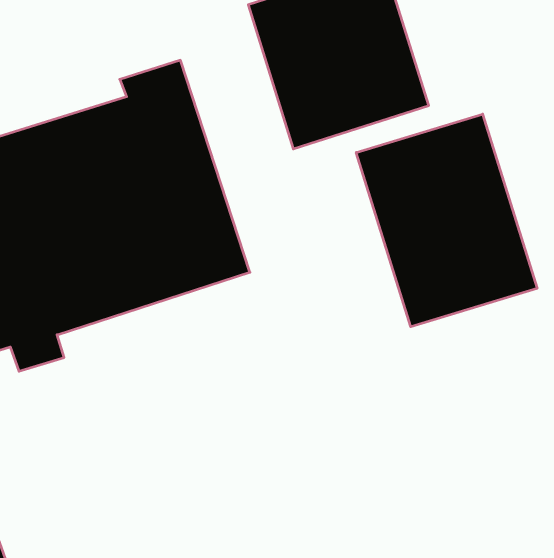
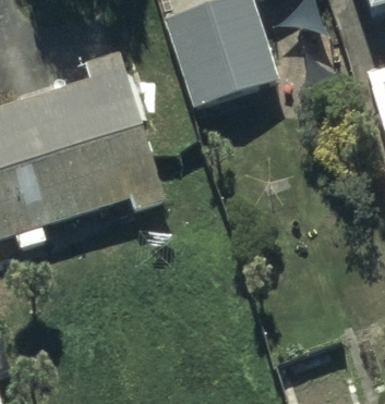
building: [356,114,537,327] -> none

